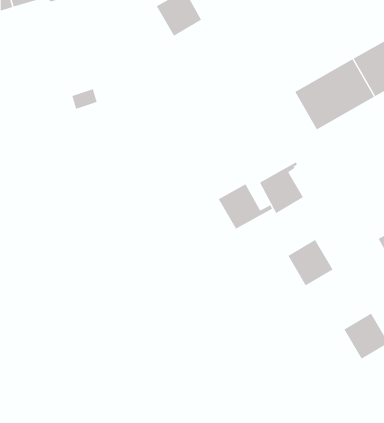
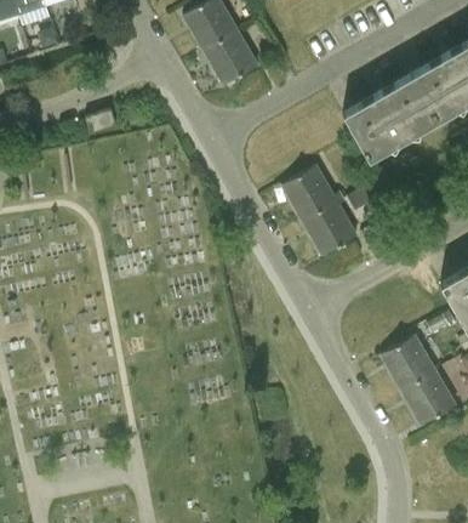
building: none -> [204,32,257,87]
building: [218,184,273,230] -> [282,167,347,221]
building: [287,239,333,286] -> [381,337,434,392]

